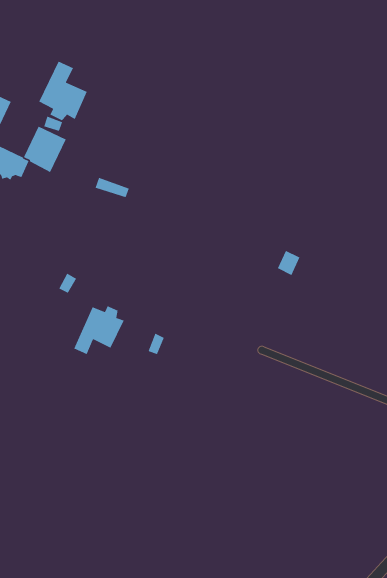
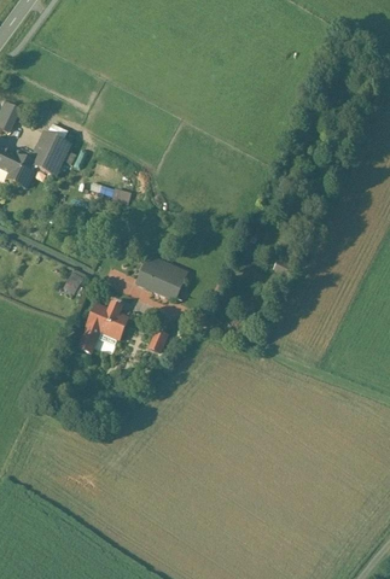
building: [38,60,88,121] -> none
building: none -> [138,259,187,298]

